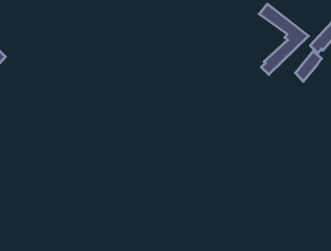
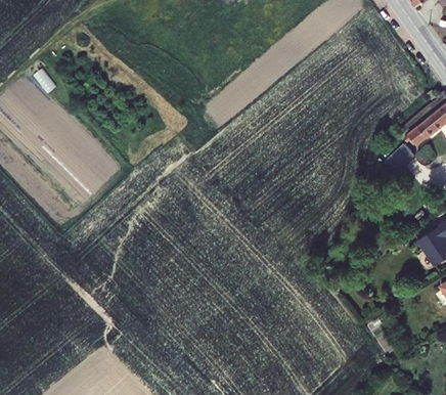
building: [259,4,309,75] -> none

